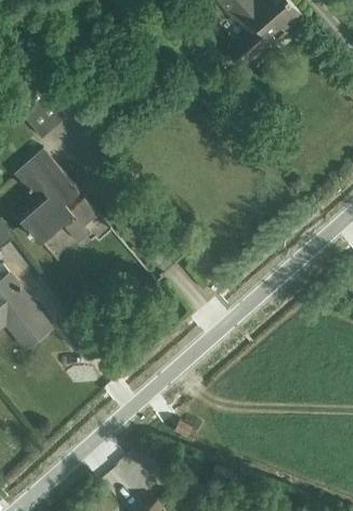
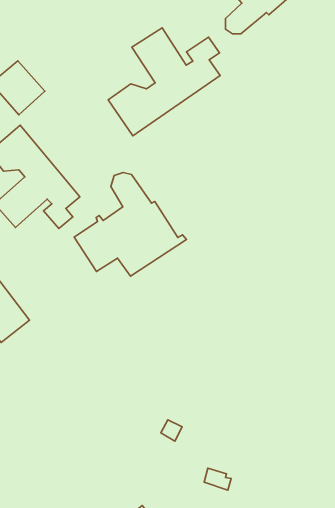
building: none -> [108,28,220,136]
building: none -> [74,172,186,276]

